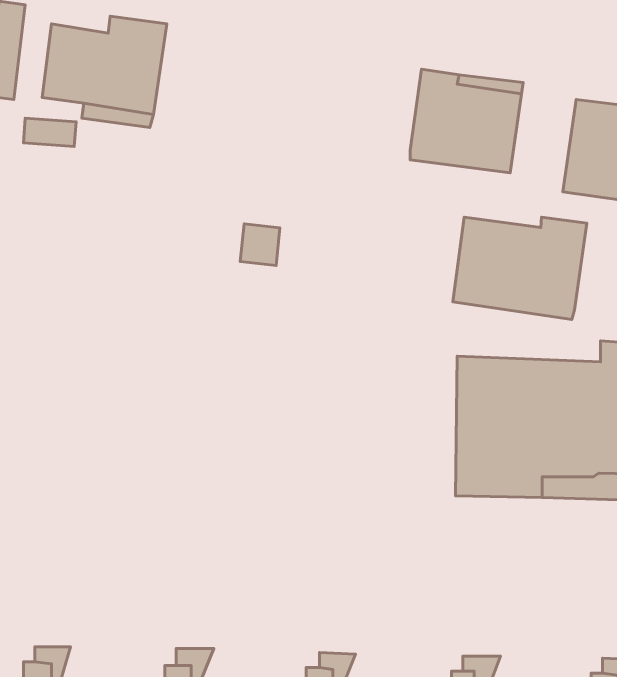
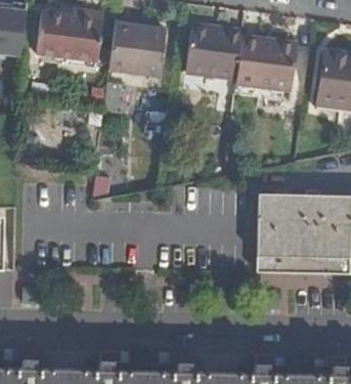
building: none -> [107,25,166,78]
building: none -> [186,28,242,82]
building: [453,217,587,319] -> none

